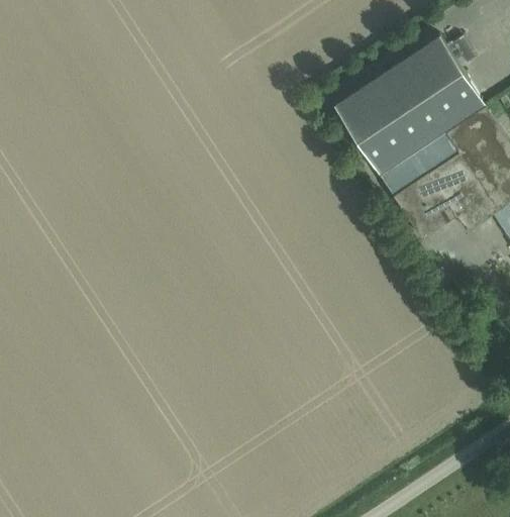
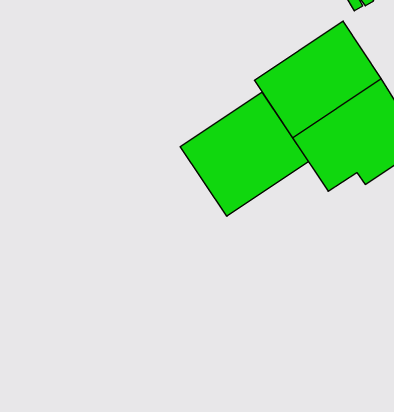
building: none -> [180,92,308,216]

